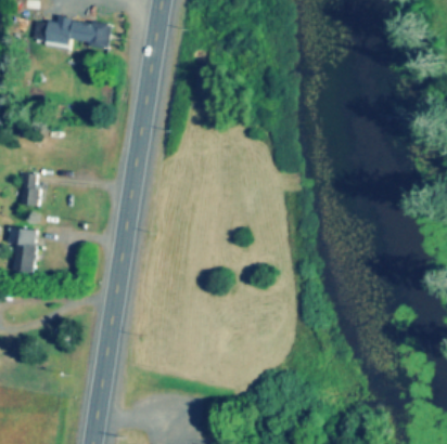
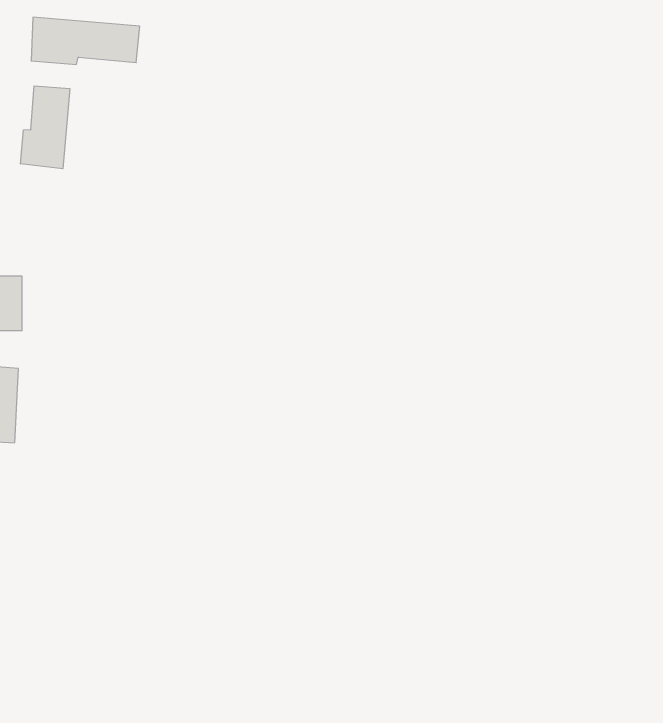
building: none -> [21,86,70,169]

